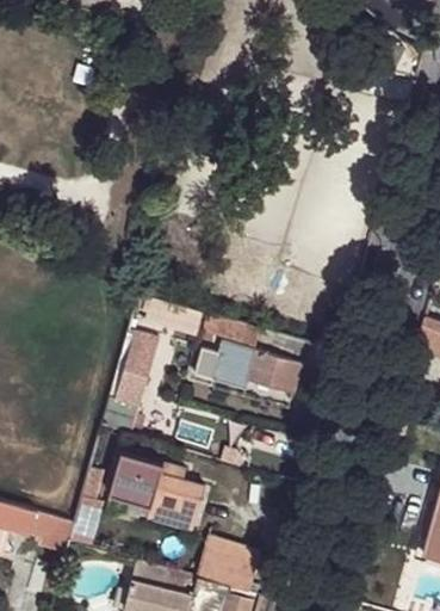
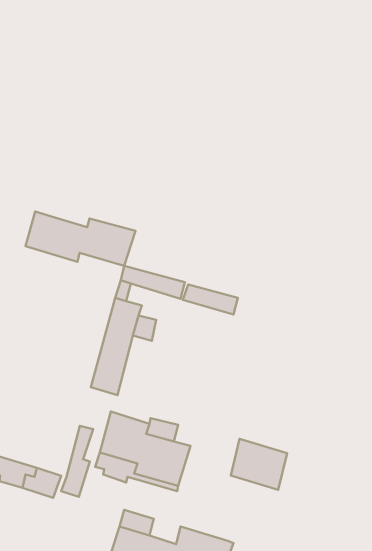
building: none -> [25,212,136,266]
building: [196,342,297,389] -> none
building: [199,537,260,592] -> [231,439,287,490]

